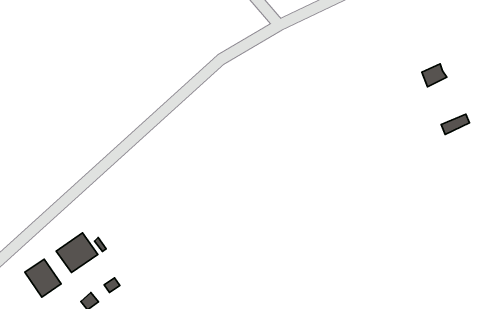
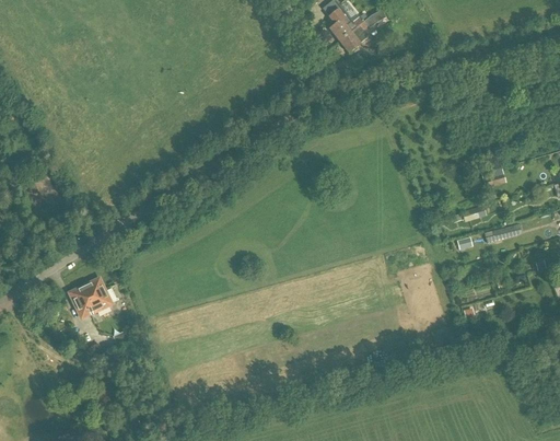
building: [25,259,61,297] -> none

